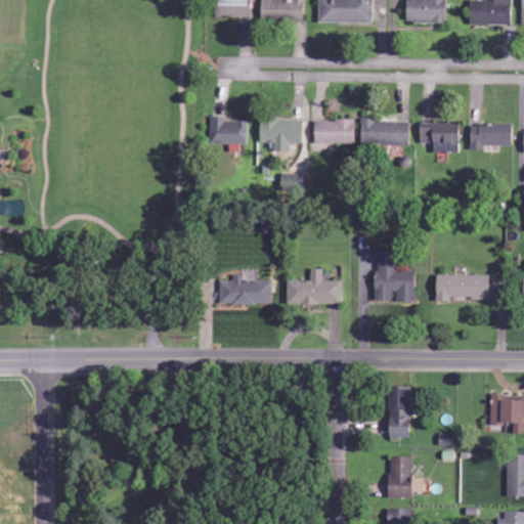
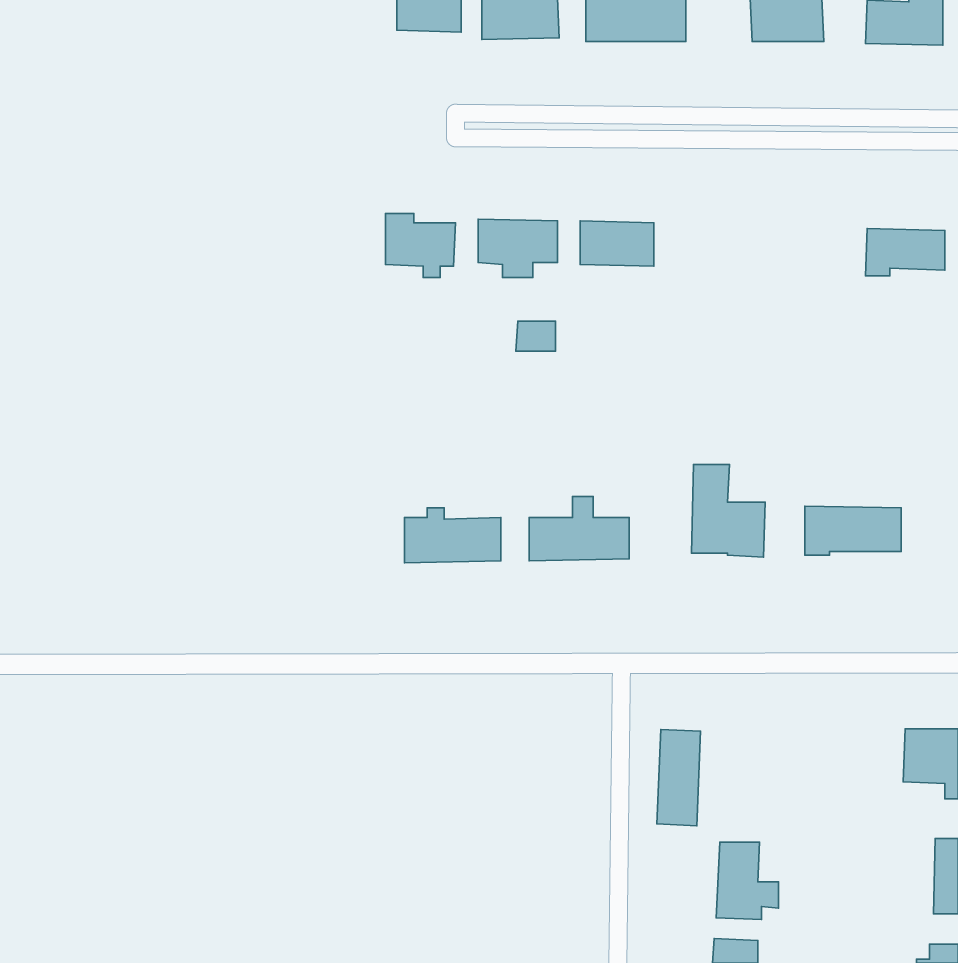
building: [360,120,408,144] -> none
building: [419,123,460,154] -> none
building: [389,388,412,440] -> [657,729,700,826]

